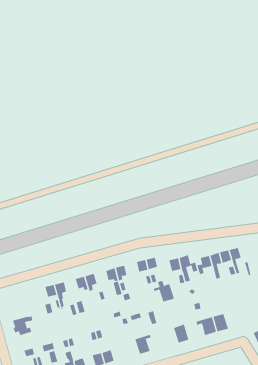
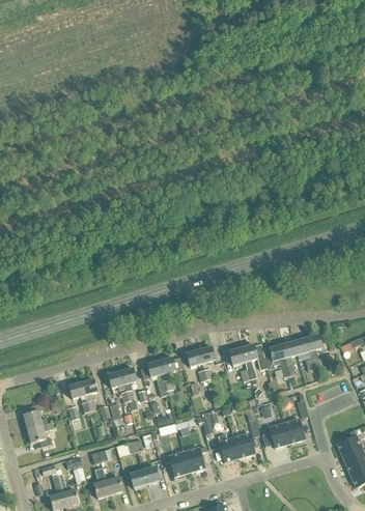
building: [153,280,175,302] -> [212,433,240,461]
building: none -> [21,402,48,428]
building: none -> [162,452,190,477]

